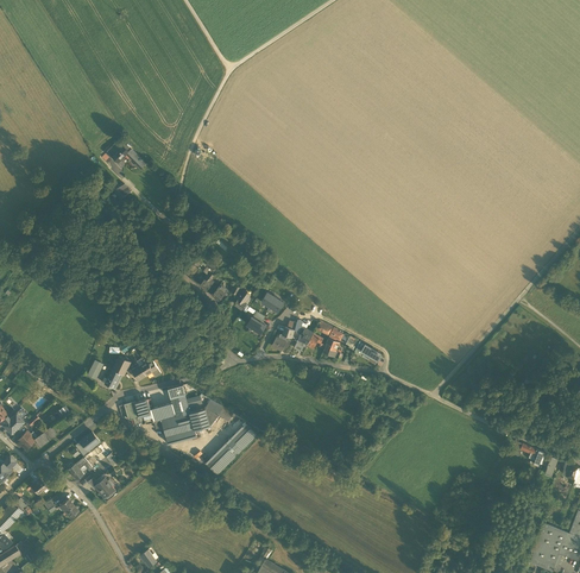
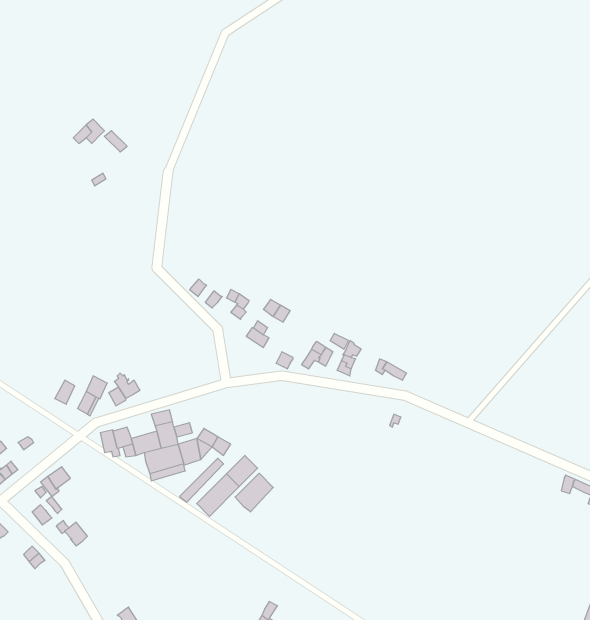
building: none -> [235,473,273,512]

